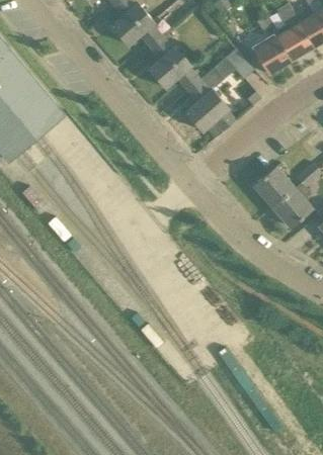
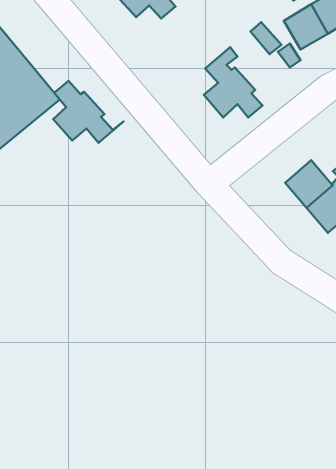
building: [148,36,208,89] -> [53,81,123,143]

